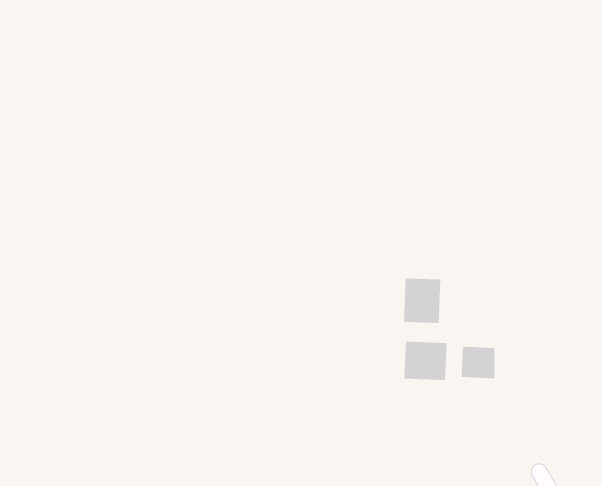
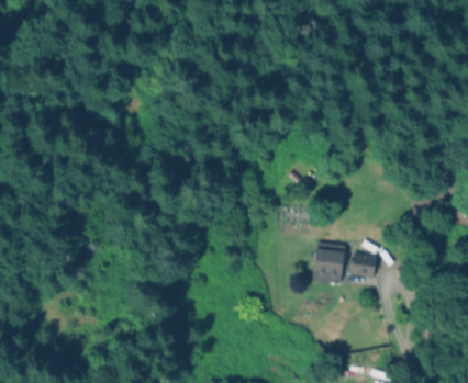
building: [403,278,441,324] -> none

